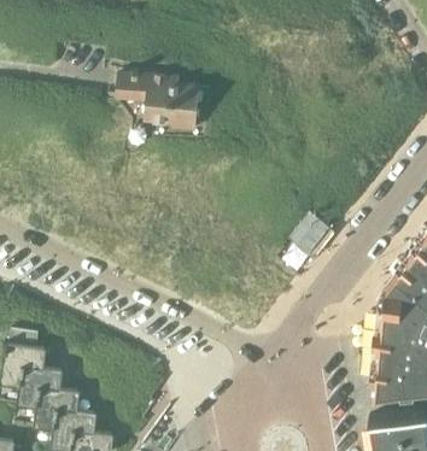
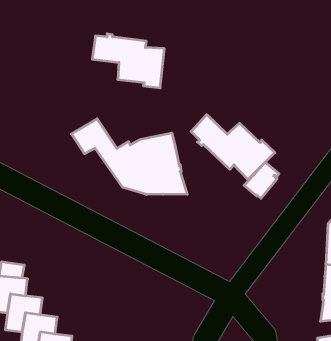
building: none -> [191,115,275,180]
building: none -> [71,119,187,195]

